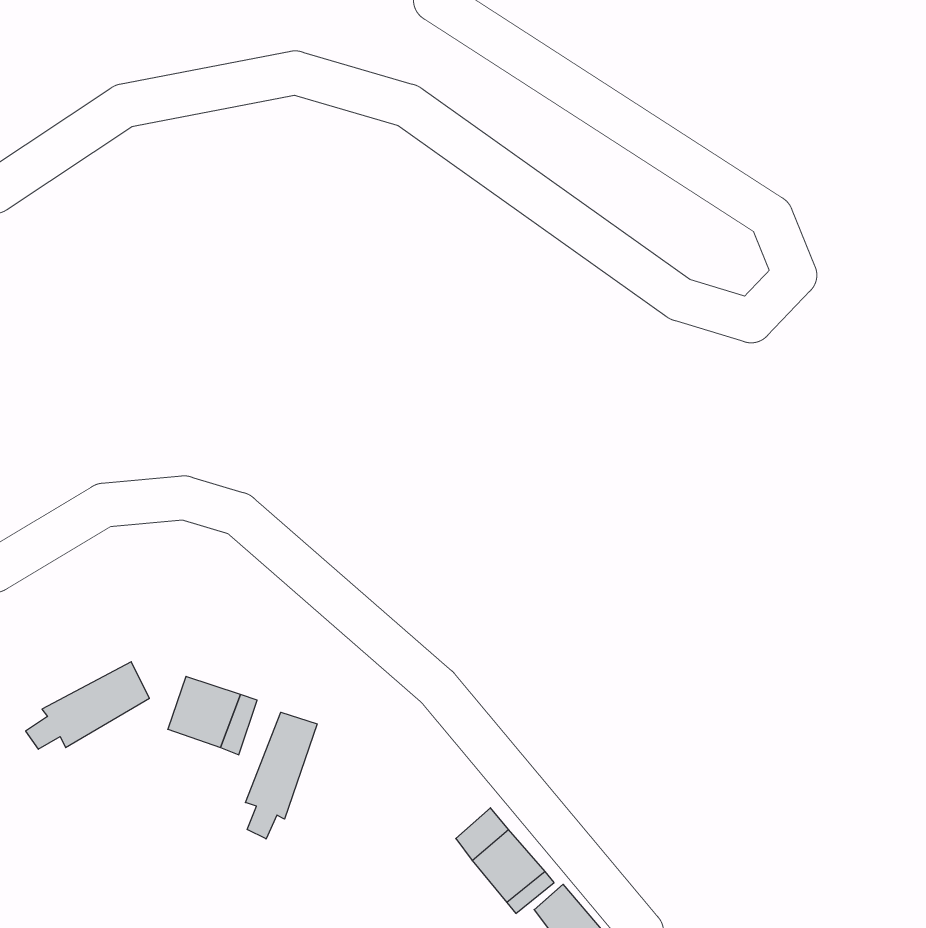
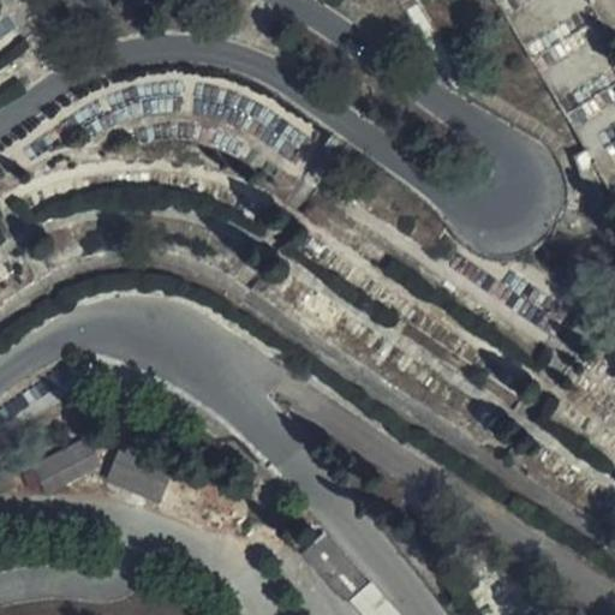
building: [245,712,317,839] -> none

